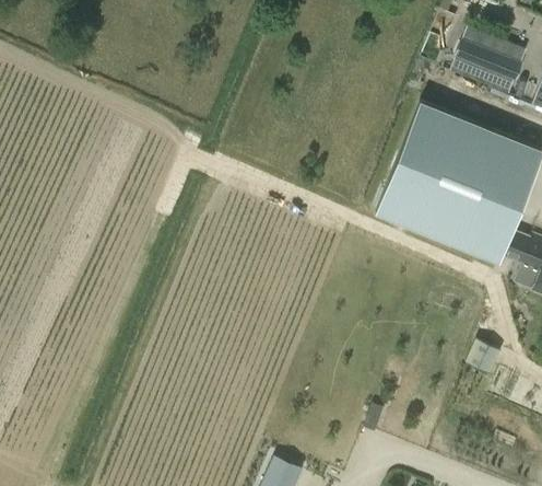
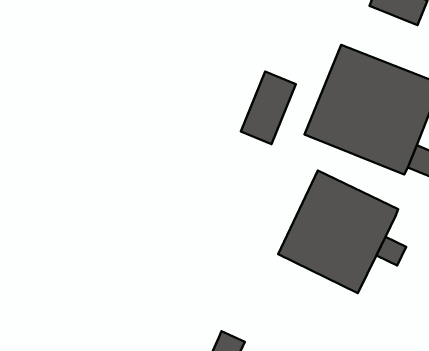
building: none -> [241,71,296,144]
building: none -> [278,171,398,293]

